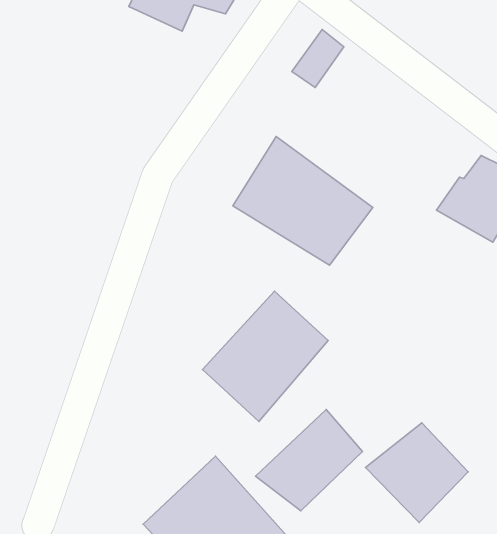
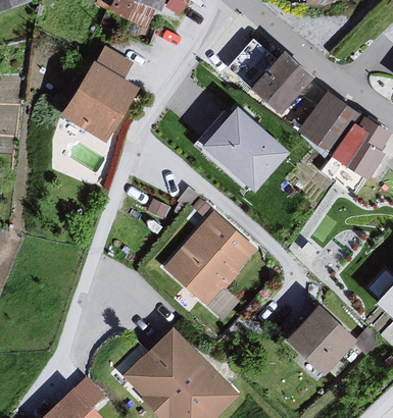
building: none -> [63,46,145,141]
building: none -> [253,51,314,113]
building: none -> [299,91,363,155]
building: [255,409,362,511] -> none

